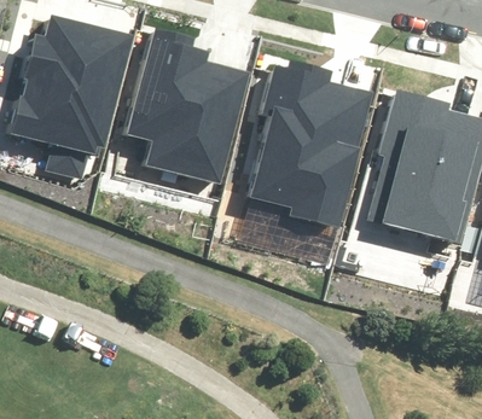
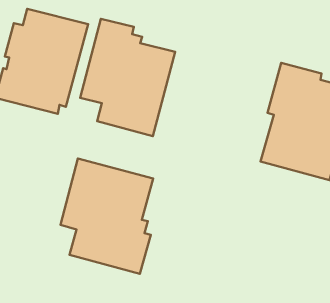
building: [255,57,376,227] -> none
building: none -> [61,158,153,274]

